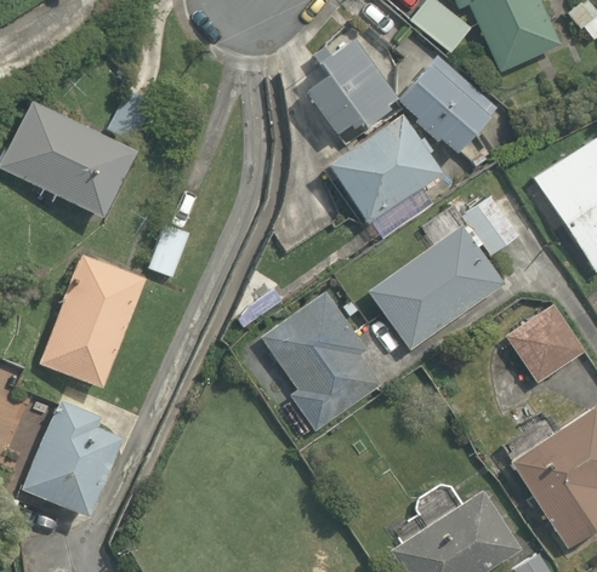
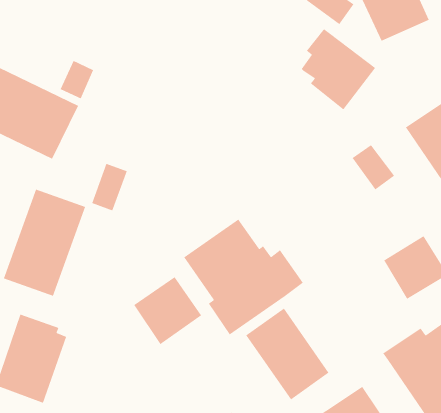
building: [305,28,413,135] -> none
building: [330,113,437,221] -> none
building: [370,227,504,351] -> none
building: none -> [133,276,202,345]
building: none -> [245,308,330,401]

